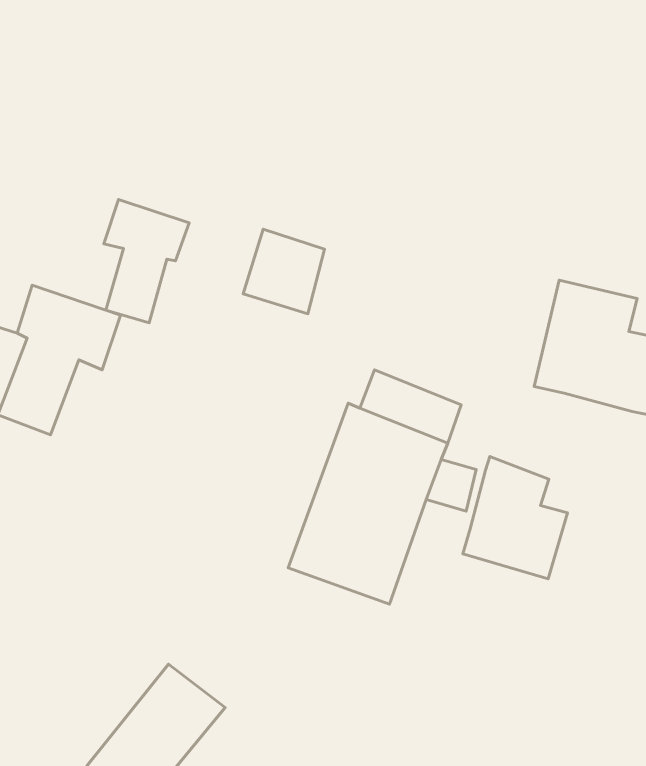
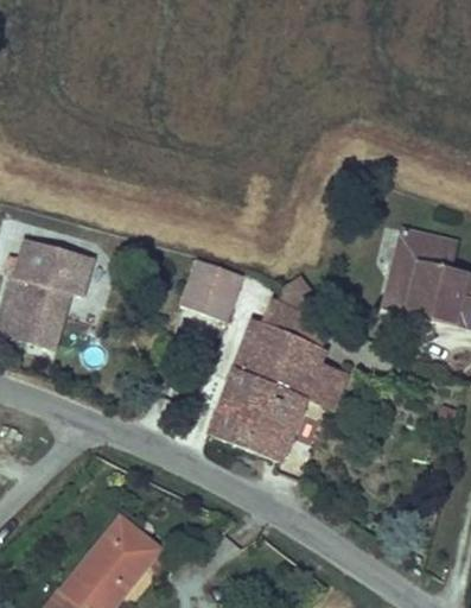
building: [104,200,189,323] -> none
building: [243,229,325,314] -> [176,261,234,322]
building: [463,456,567,579] -> none

